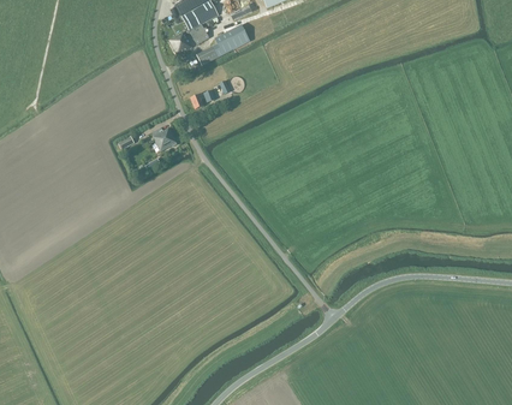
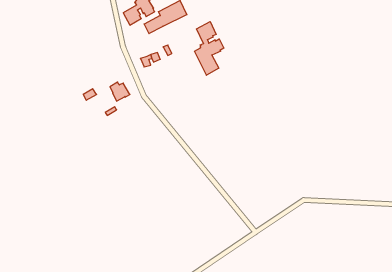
building: none -> [195,22,224,75]

